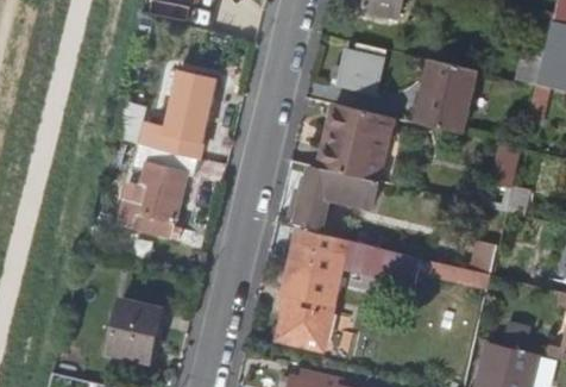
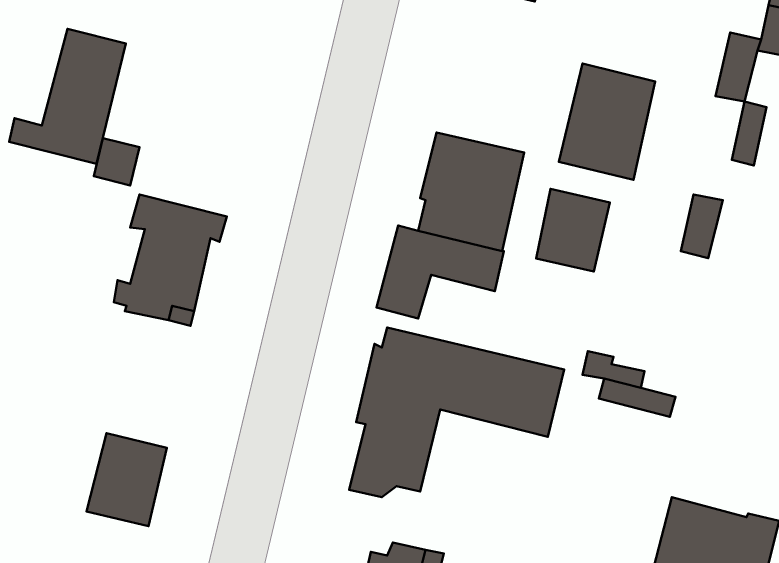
building: [332,42,385,92] -> none
building: [140,70,216,158] -> [9,29,126,164]
building: none -> [536,189,610,271]

